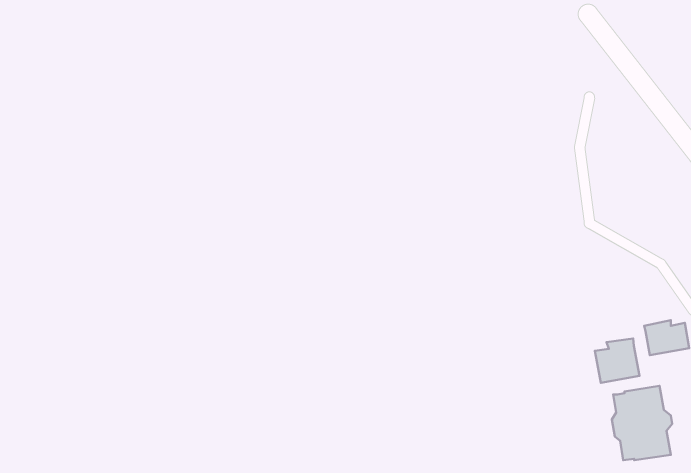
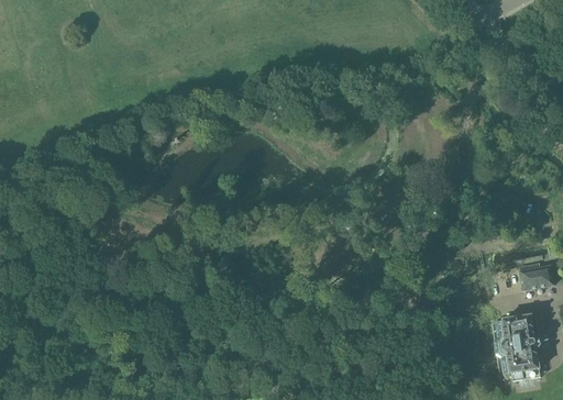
building: [595,339,639,383] -> none

